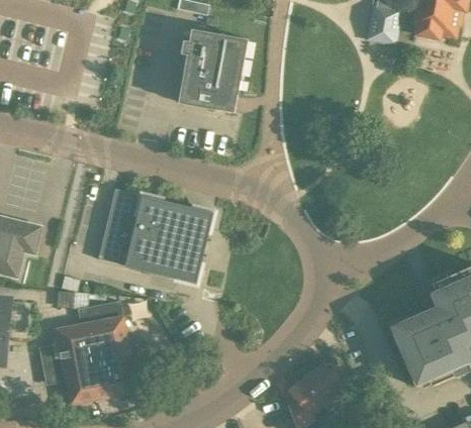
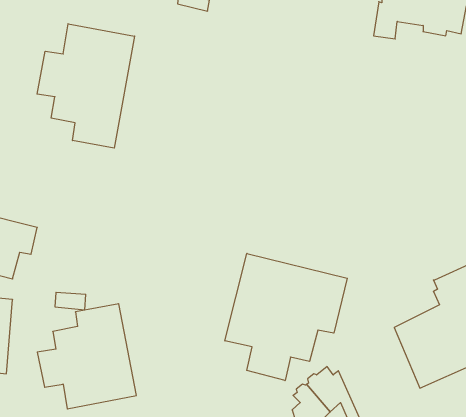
building: none -> [37,24,135,148]
building: [178,29,249,114] -> none
building: [98,189,213,284] -> none
building: none -> [225,253,347,381]

